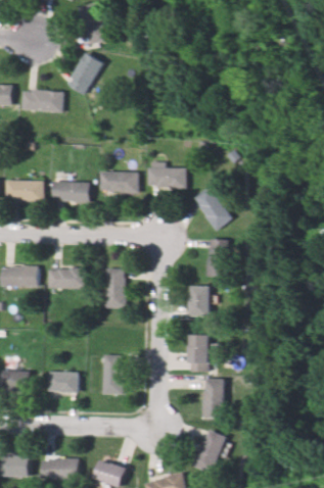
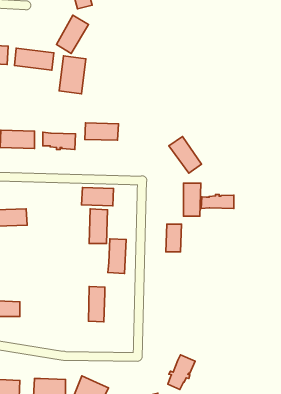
building: none -> [59,56,86,94]
building: [149,166,185,186] -> none
building: none -> [201,194,234,208]
building: [50,267,86,288] -> [82,187,114,206]
building: [188,332,209,371] -> [108,239,126,273]
building: [49,374,79,392] -> none
building: [202,378,223,417] -> none

